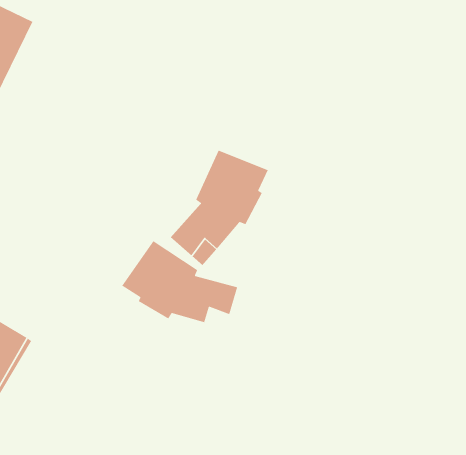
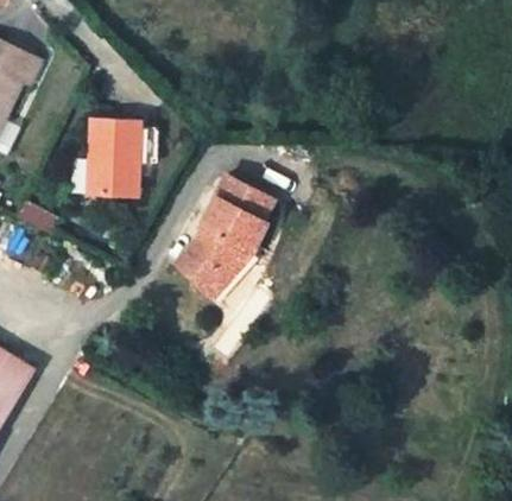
building: none -> [86,119,137,197]
building: [121,240,238,323] -> none

